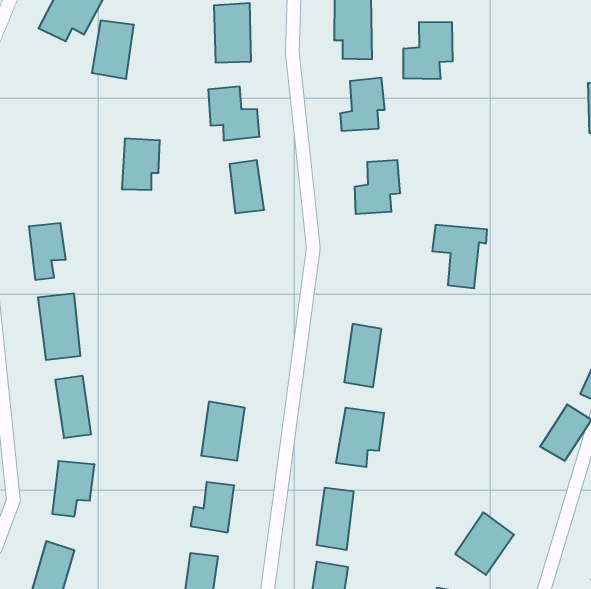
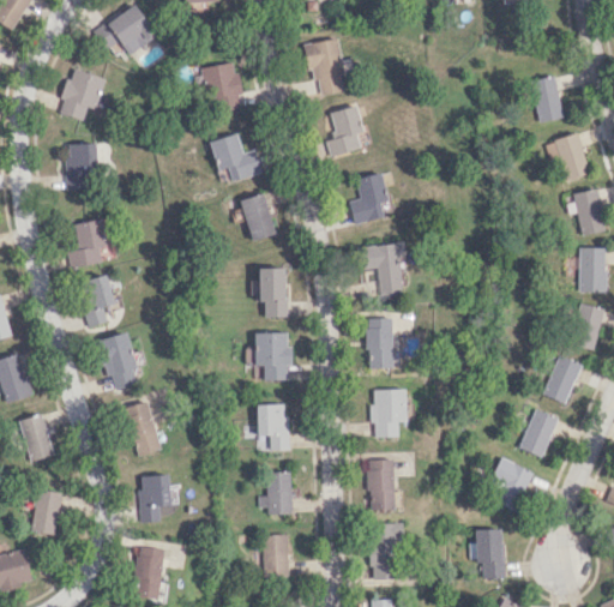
building: [92,21,134,79] -> [67,143,97,190]
building: [404,22,452,79] -> none
building: [122,139,160,190] -> [72,220,106,266]
building: [432,225,487,288] -> [360,242,405,295]
building: none -> [253,268,287,318]
building: none -> [255,332,291,379]
building: none -> [519,409,559,457]

